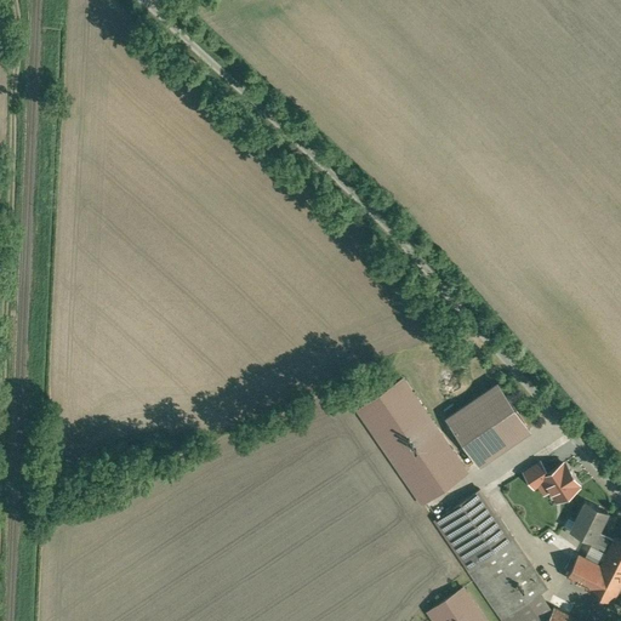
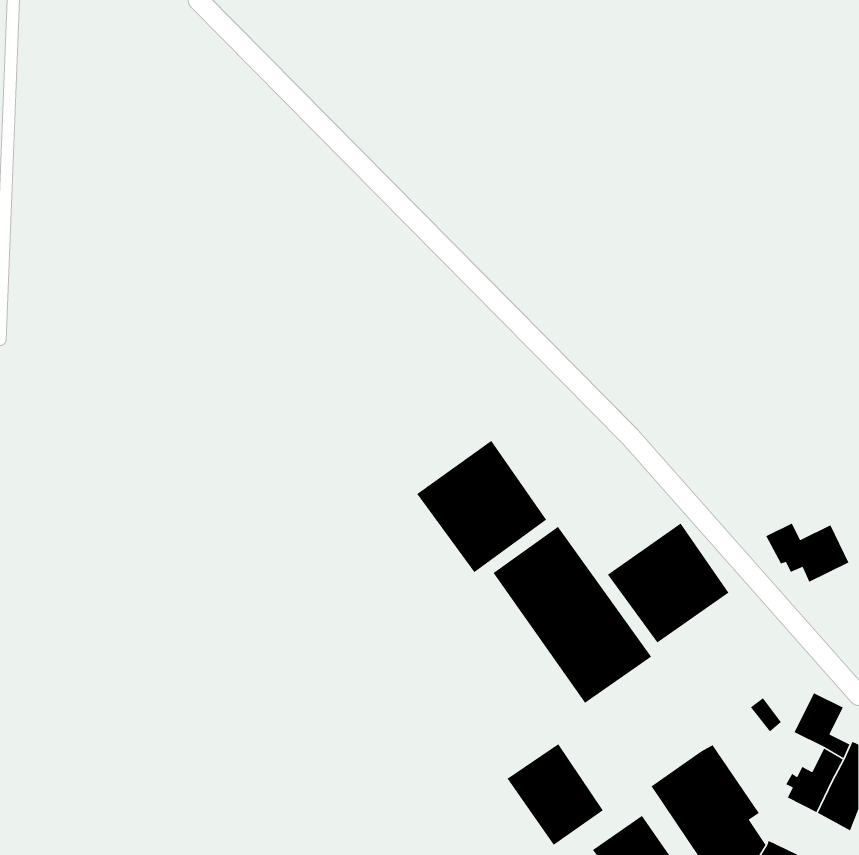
building: none -> [416,440,547,573]
building: [526,461,587,505] -> [765,522,849,583]
building: [435,496,506,570] -> [506,743,604,846]

